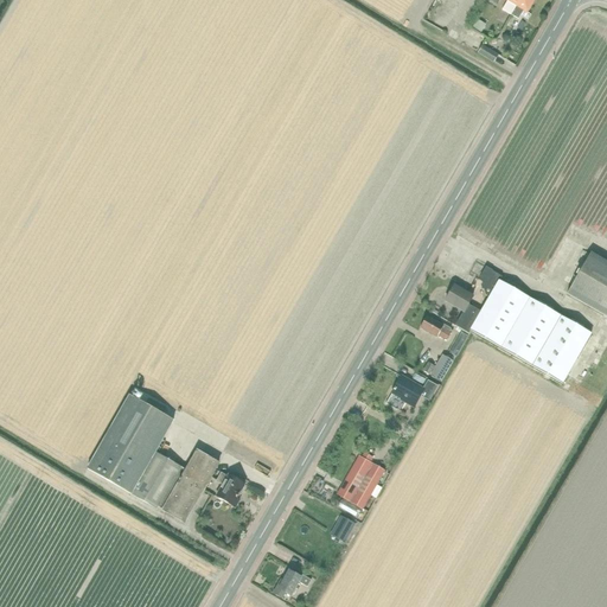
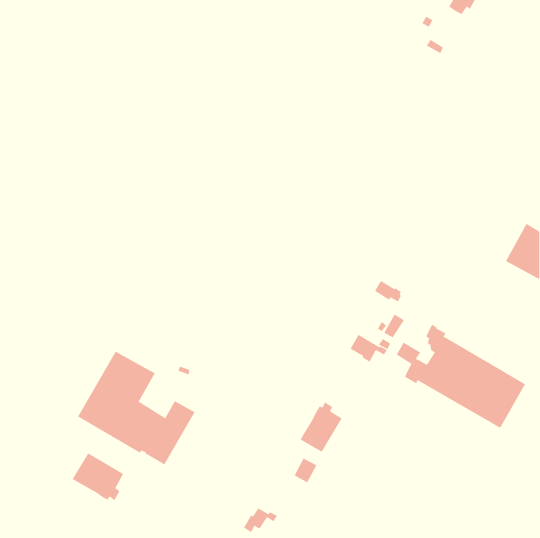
building: [446,264,592,382] -> [396,324,526,428]
building: [215,471,245,506] -> none
building: none -> [72,453,124,501]

